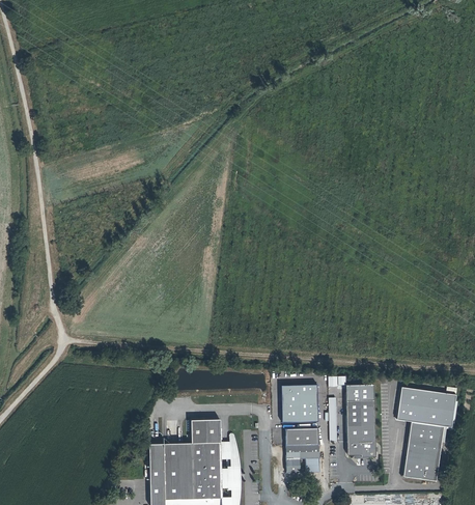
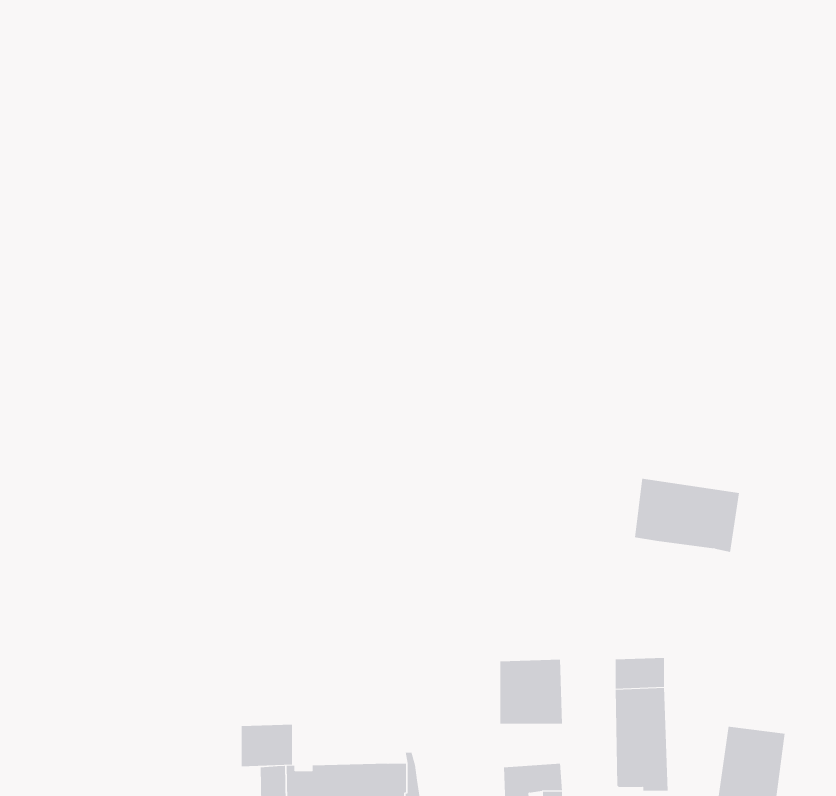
building: [397,387,456,428] -> [634,478,740,552]
building: [191,420,220,444] -> [241,724,293,767]
building: [283,428,316,445] -> none

